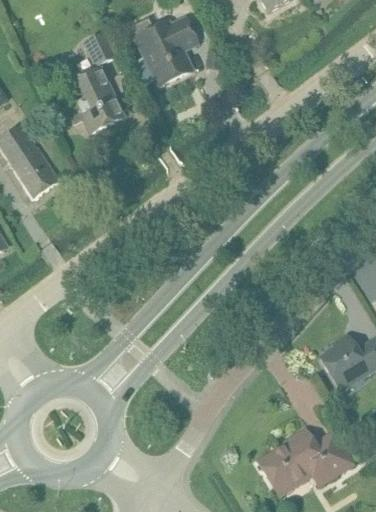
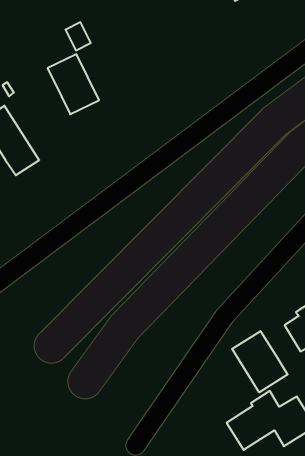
building: [129,19,198,85] -> none
building: none -> [232,331,288,392]

